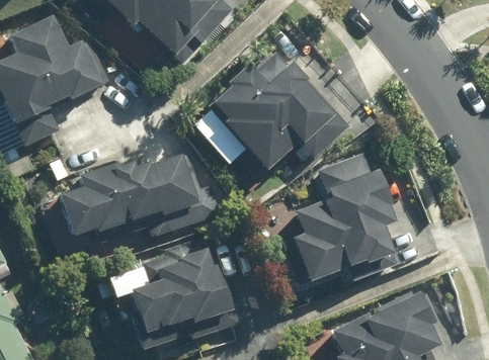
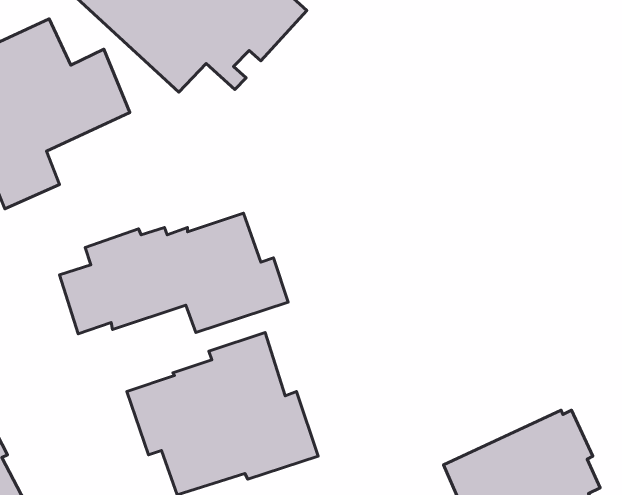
building: [192,52,349,171] -> none
building: [291,152,398,282] -> none

